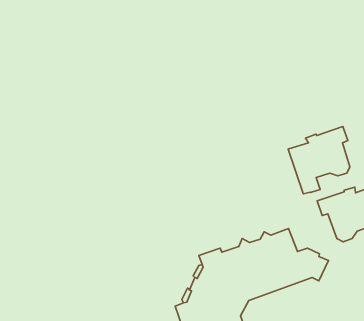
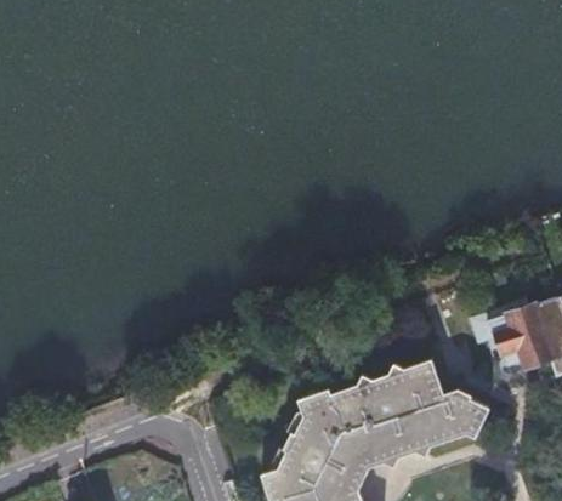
building: [288,126,350,194] -> none

